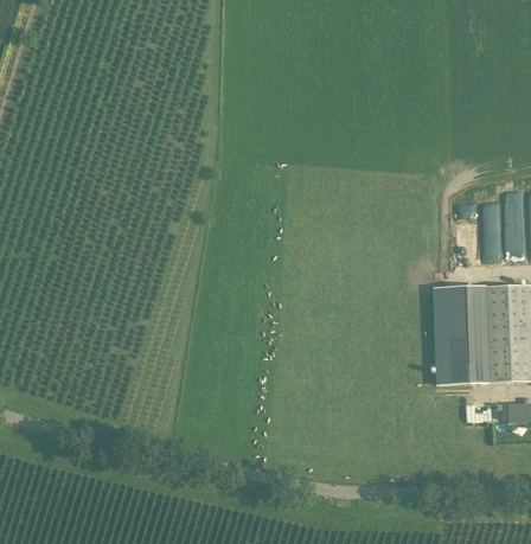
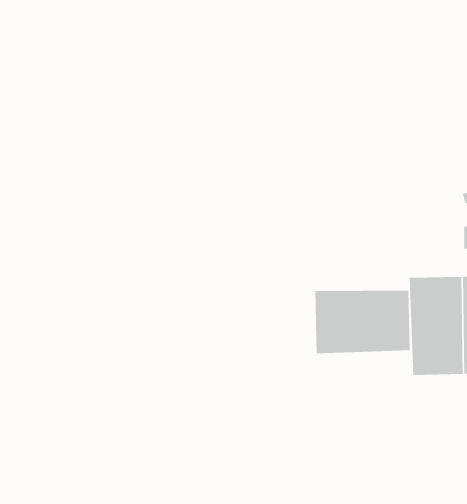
building: none -> [314,290,411,354]

